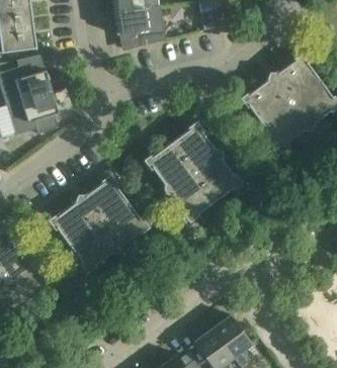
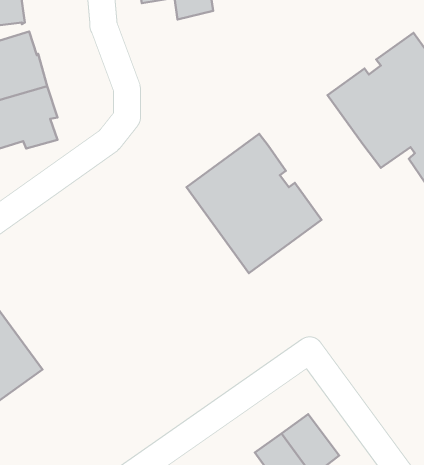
building: [51,176,146,269] -> none

